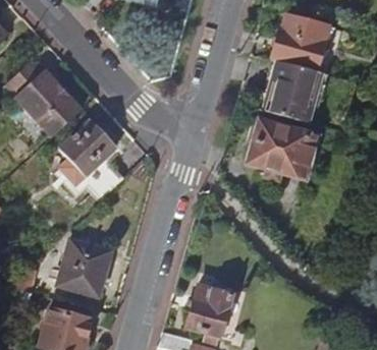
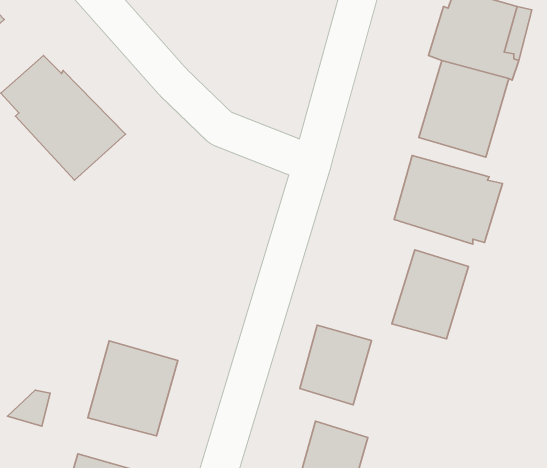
building: [59,116,117,173] -> none
building: none -> [392,250,468,339]
building: none -> [300,325,371,405]

